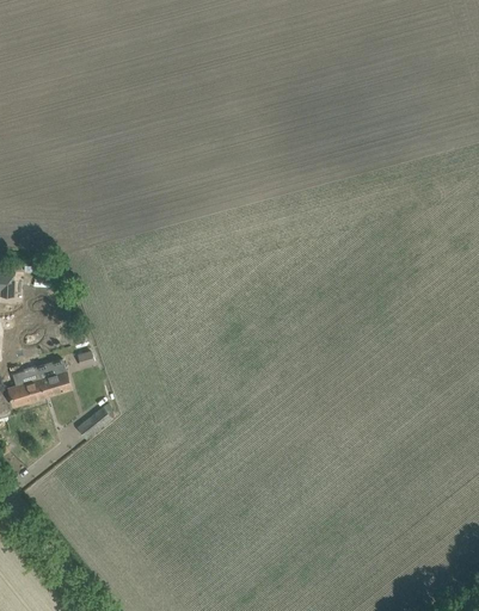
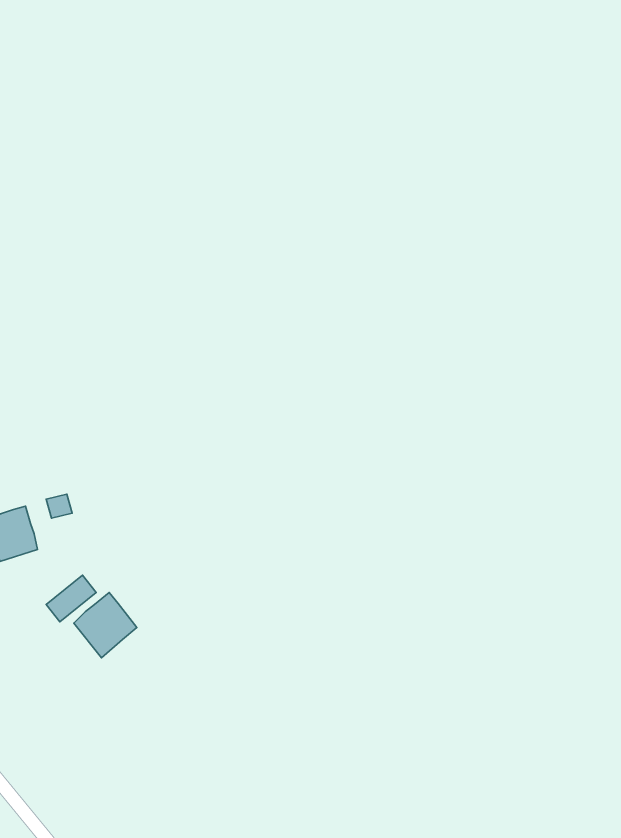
building: none -> [74,593,137,658]

